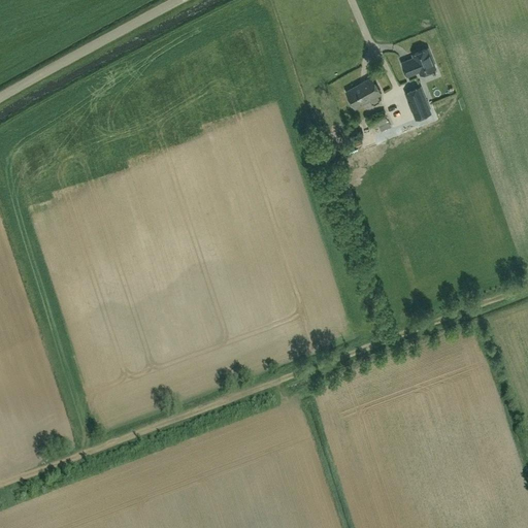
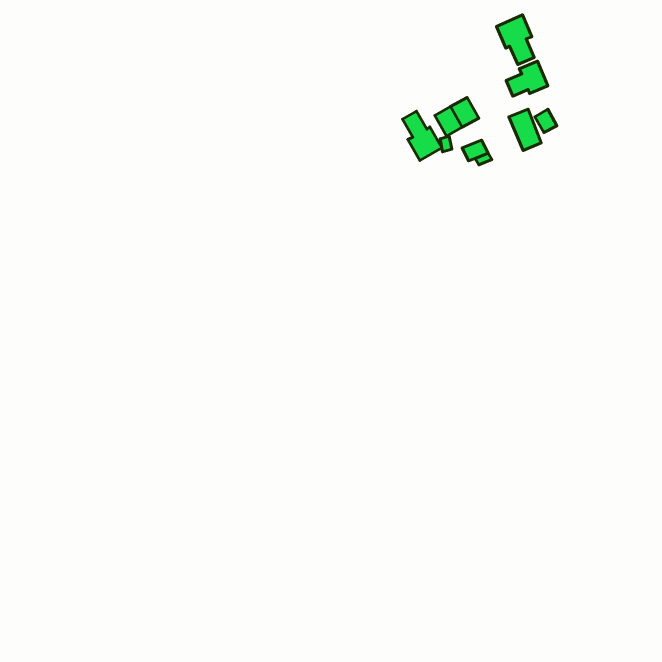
building: none -> [496,15,534,65]
building: none -> [403,111,442,161]

